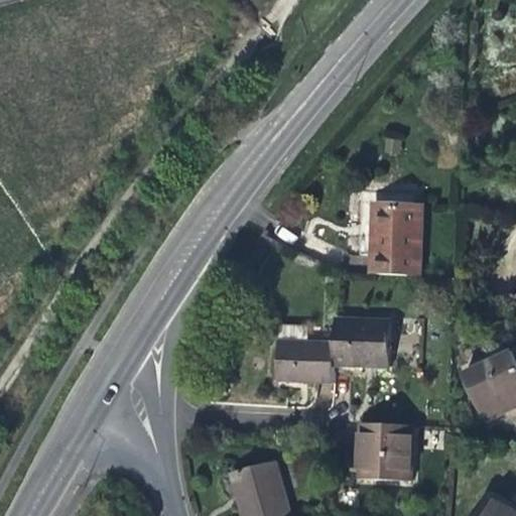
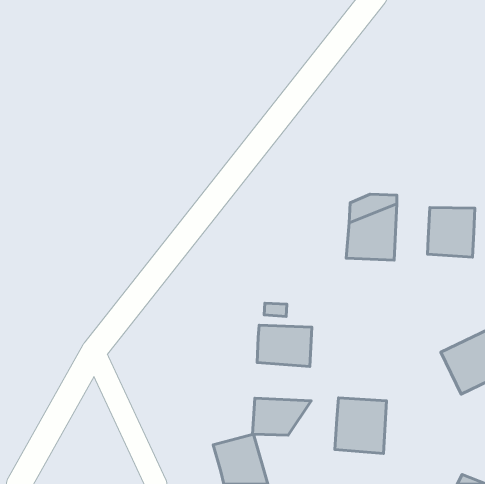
building: none -> [428,207,475,257]
building: [332,321,388,369] -> none
building: none -> [253,398,311,435]

